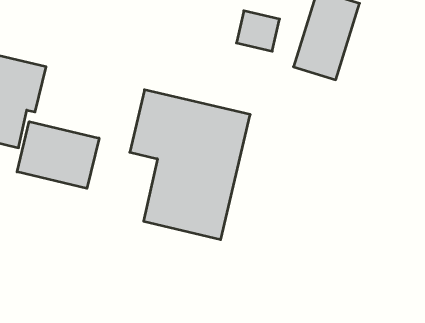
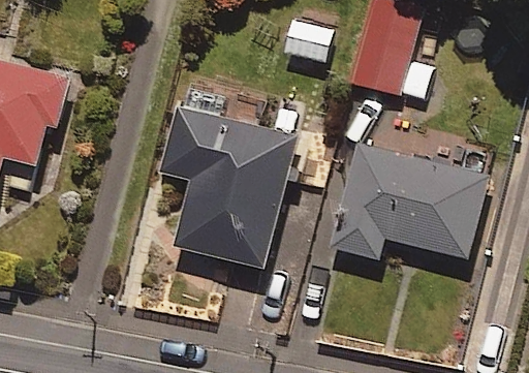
building: [17,122,99,188] -> none
building: none -> [330,144,489,261]

